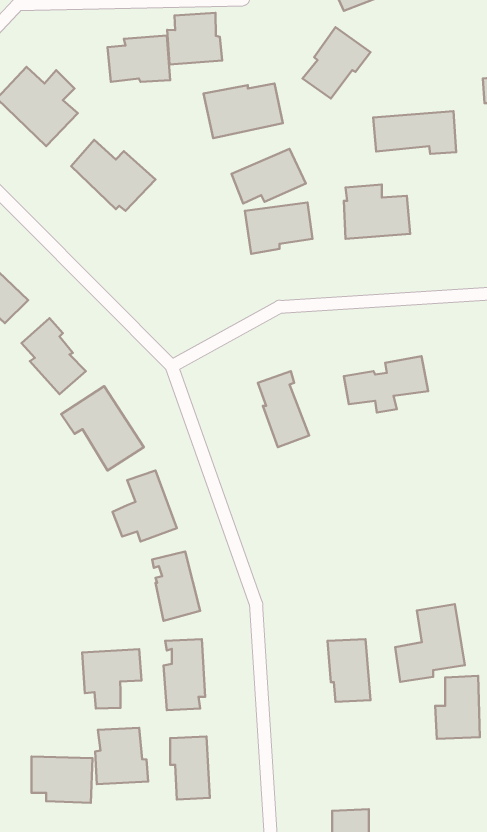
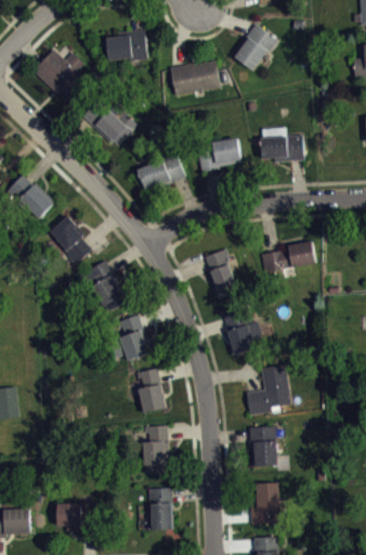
building: [167,13,222,65] -> none
building: [373,111,456,154] -> none
building: [231,149,306,203] -> [138,153,186,189]
building: none -> [223,311,262,354]
building: [395,604,465,682] -> [246,364,291,415]
building: [82,649,141,709] -> none
building: [435,676,480,739] -> [250,481,279,522]
building: [95,728,148,784] -> none

